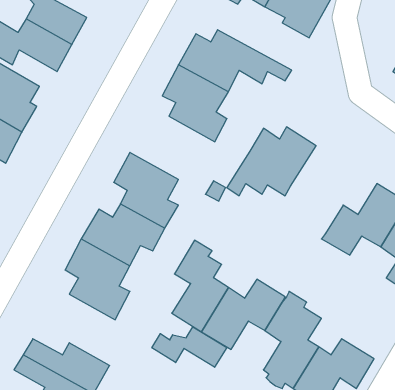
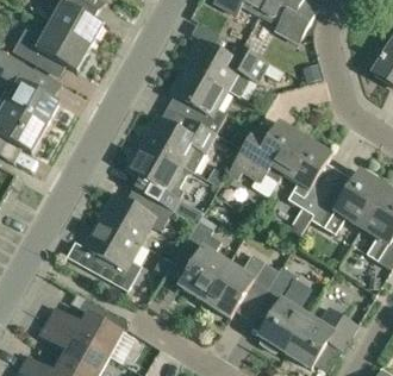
building: none -> [141,111,216,167]
building: none -> [282,137,331,223]
building: [152,327,227,367] -> none

